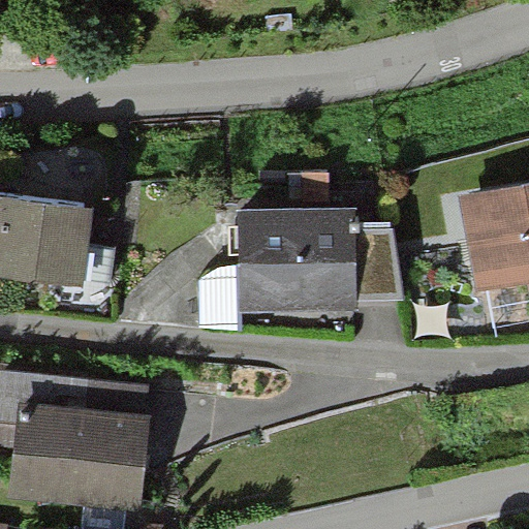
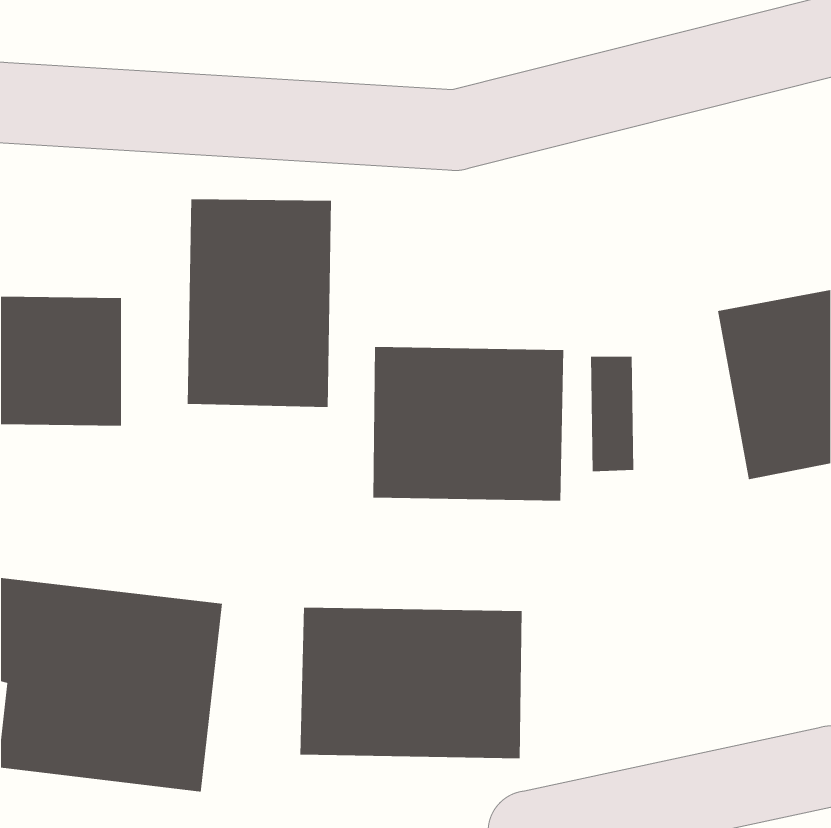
building: none -> [187,198,332,408]
building: none -> [300,607,522,759]

